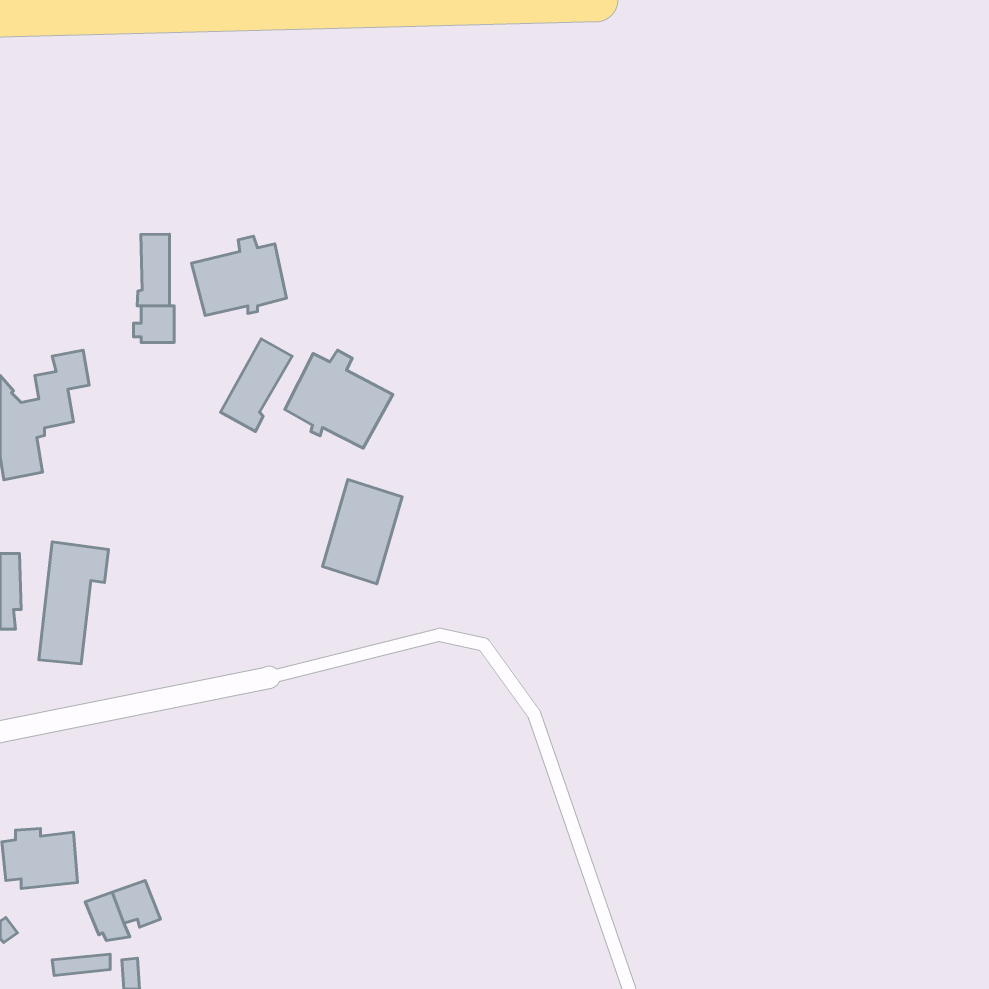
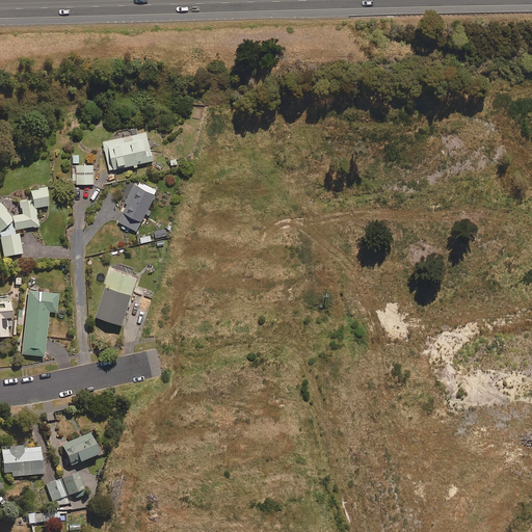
building: [137,234,169,306] -> none
building: [285,350,393,448] -> none
building: [323,479,402,584] -> [94,269,136,325]
building: none -> [61,433,98,466]

